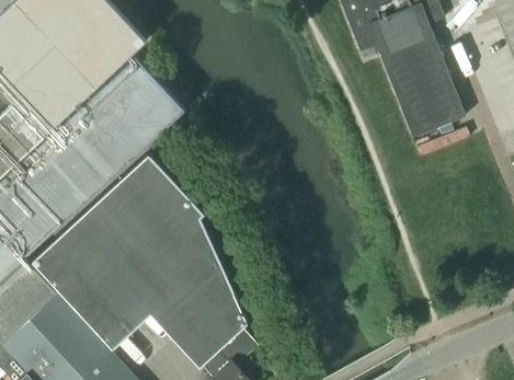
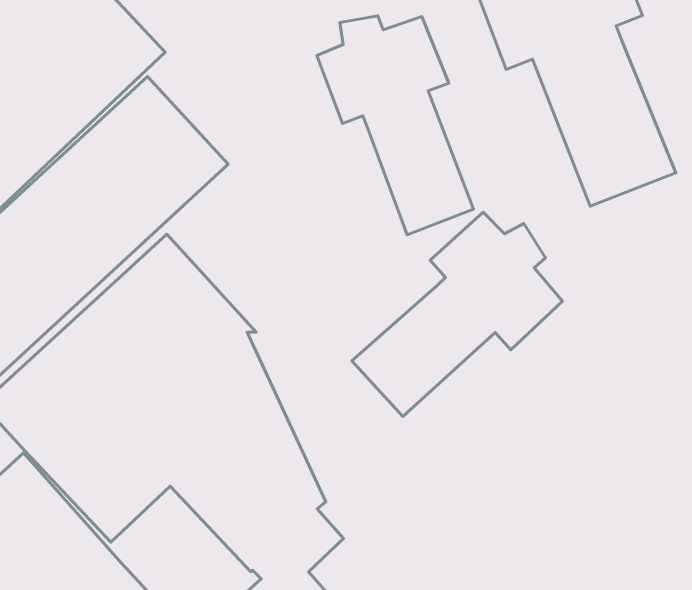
building: none -> [317,16,473,235]
building: none -> [352,212,563,416]

